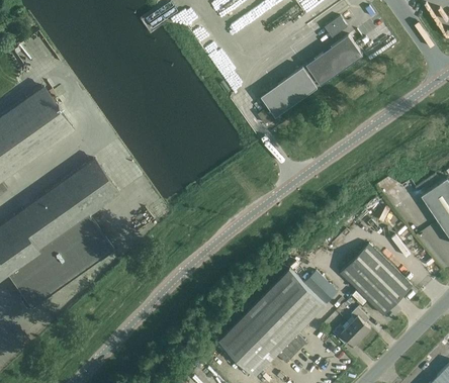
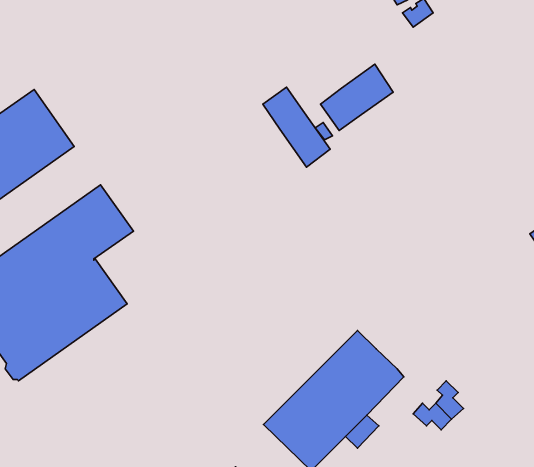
building: [305,35,362,86] -> none
building: none -> [263,87,330,167]
building: [340,245,412,315] -> none
building: [303,271,332,299] -> none

